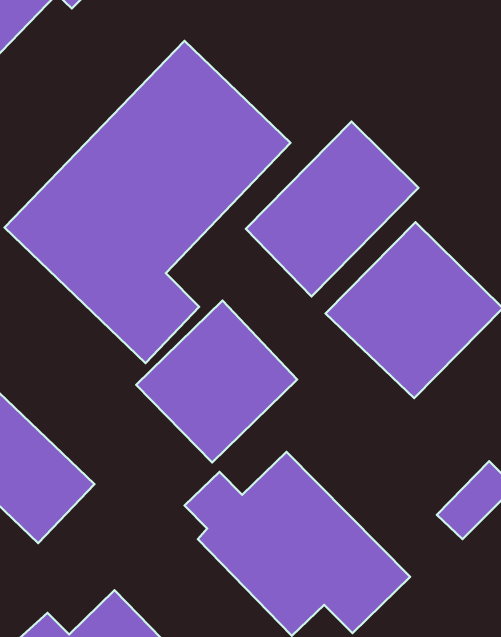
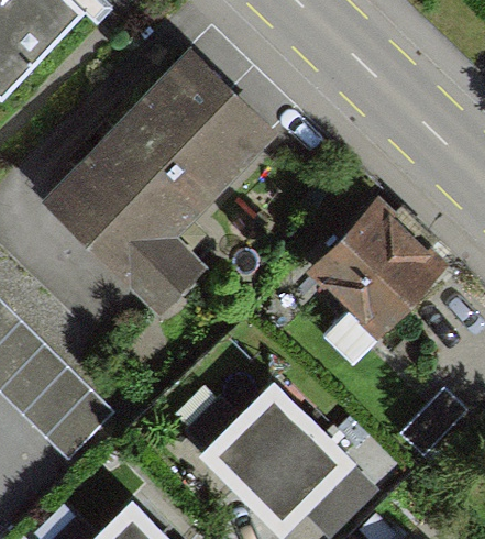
building: [246,122,419,297] -> none
building: [136,301,297,462] -> none

